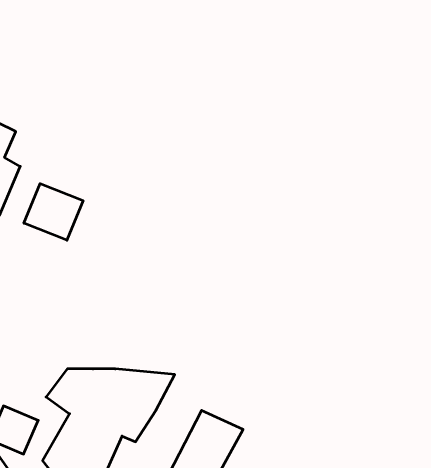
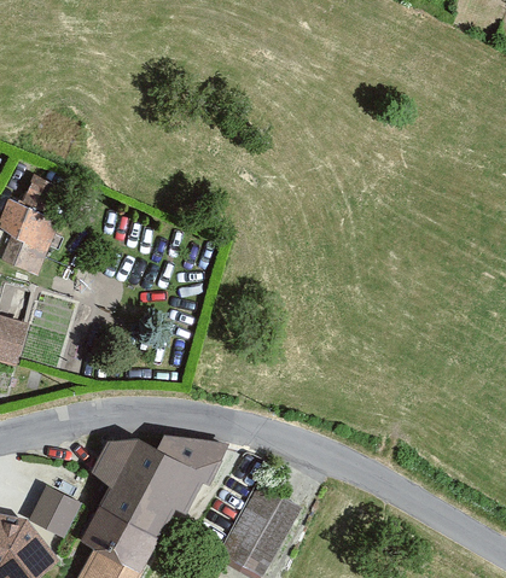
building: [24,184,83,240] -> none

